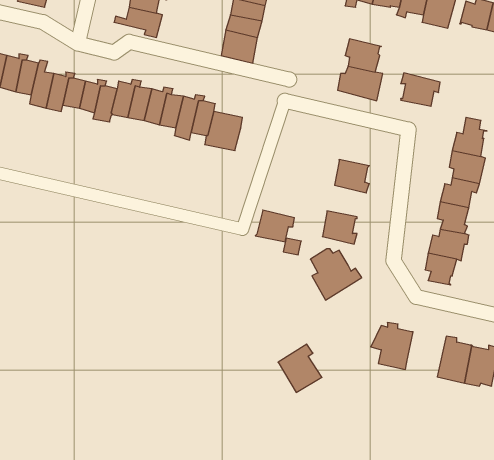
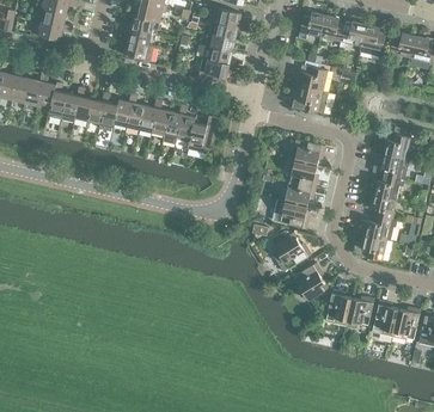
building: [401,73,440,106] -> [293,139,324,165]
building: [255,210,294,242] -> [283,180,314,205]
building: none -> [347,296,373,325]
building: [278,344,322,392] -> [293,262,328,300]

